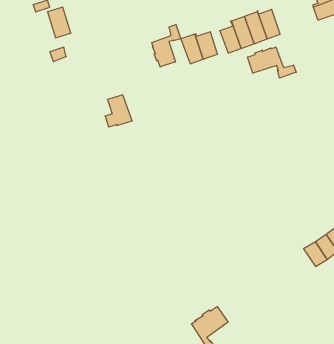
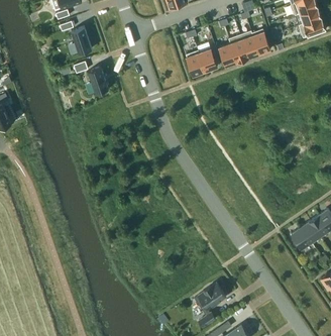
building: [152,25,181,67] -> none
building: [247,47,296,78] -> none
building: [105,95,132,127] -> [85,68,108,95]

